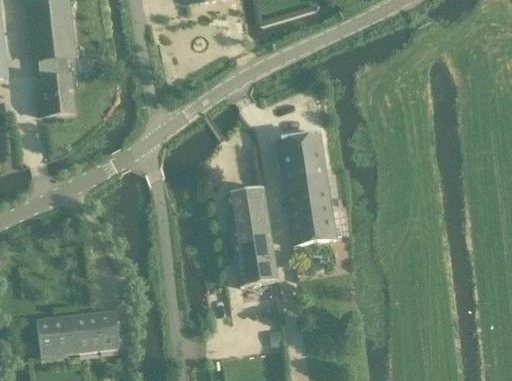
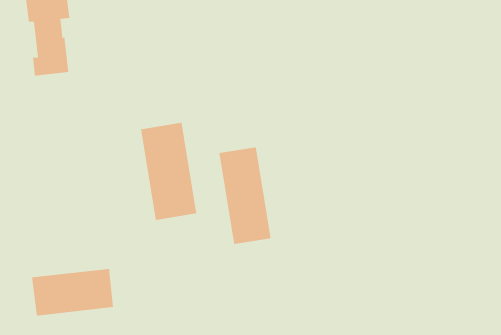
building: [274,131,340,244] -> none
building: none -> [140,122,197,221]

